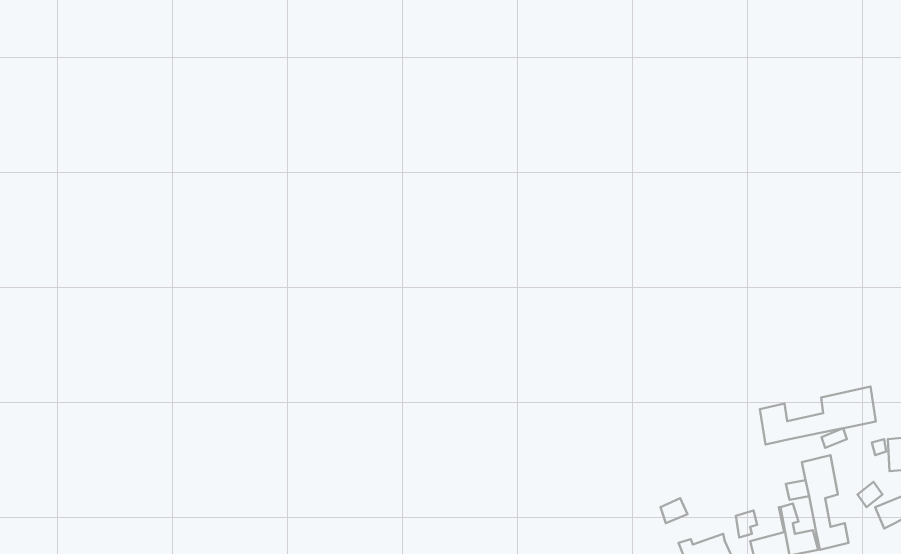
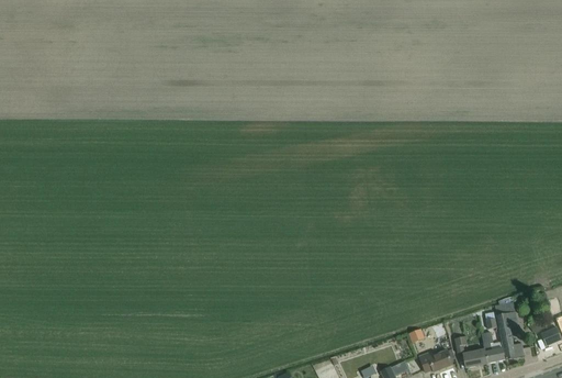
building: [760,386,876,444] -> none

